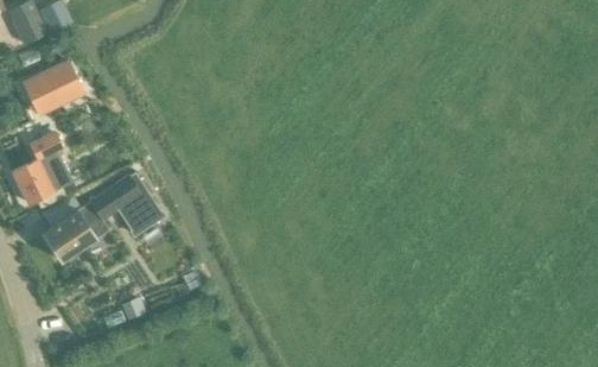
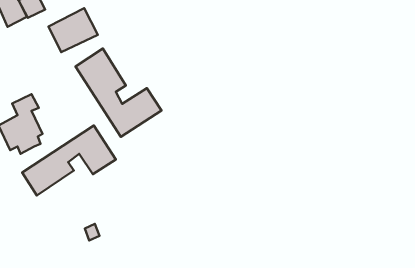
building: [20,59,84,116] -> [48,8,98,52]
building: none -> [76,48,162,137]

